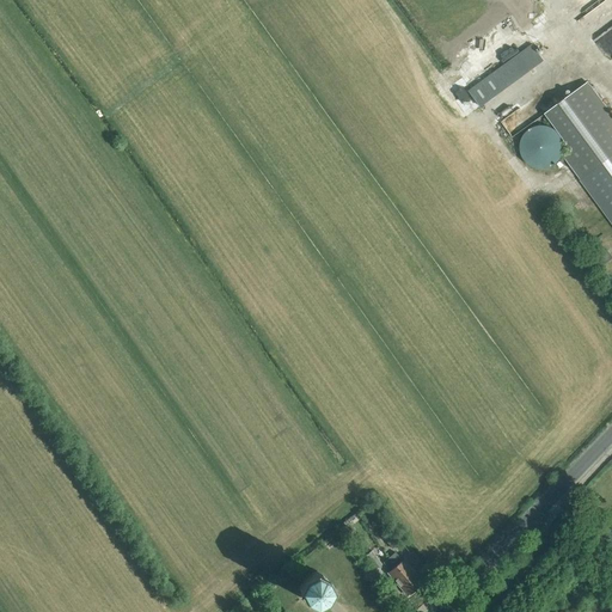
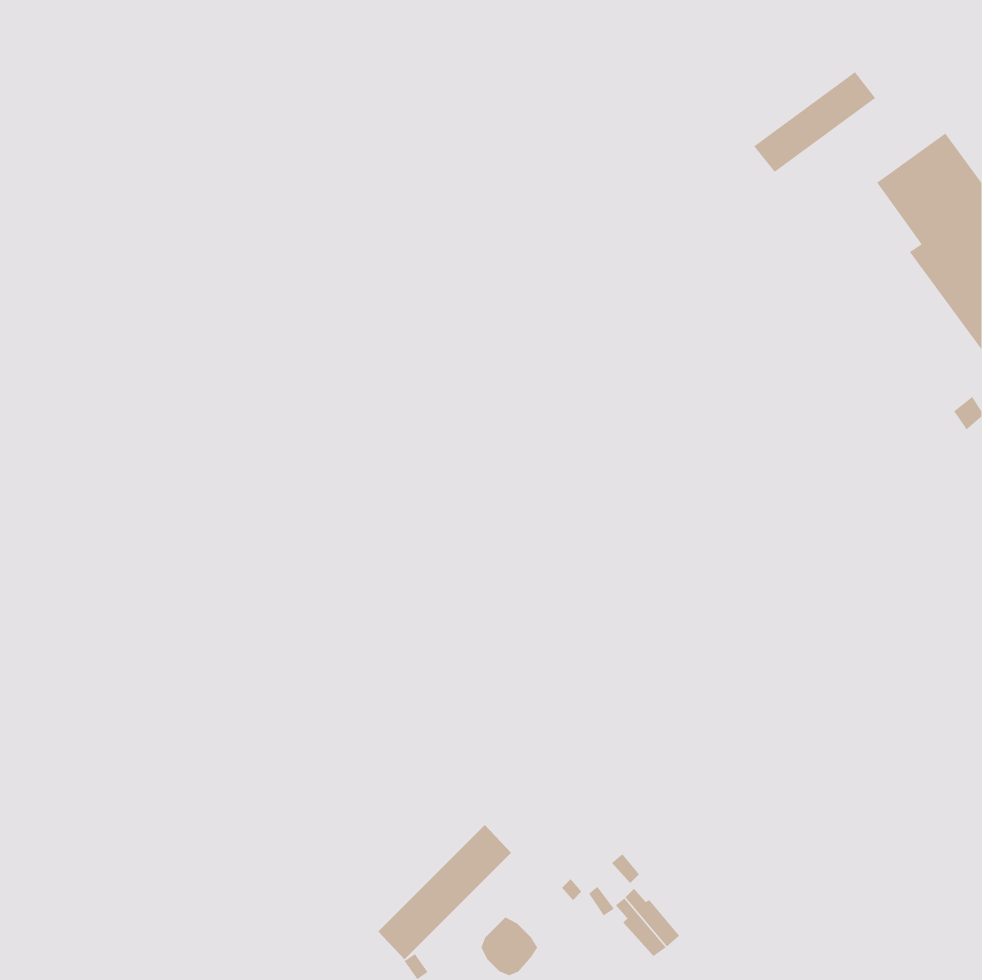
building: [520,127,563,170] -> none
building: none -> [377,824,512,960]

